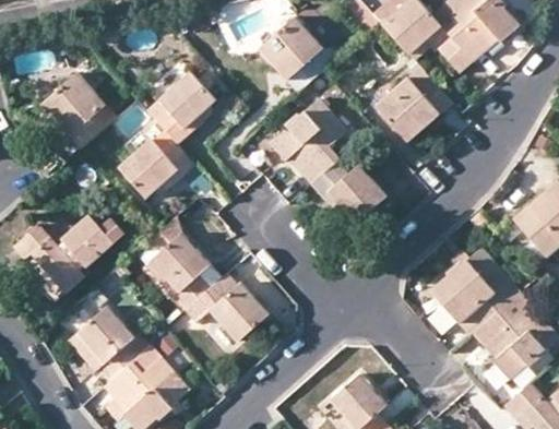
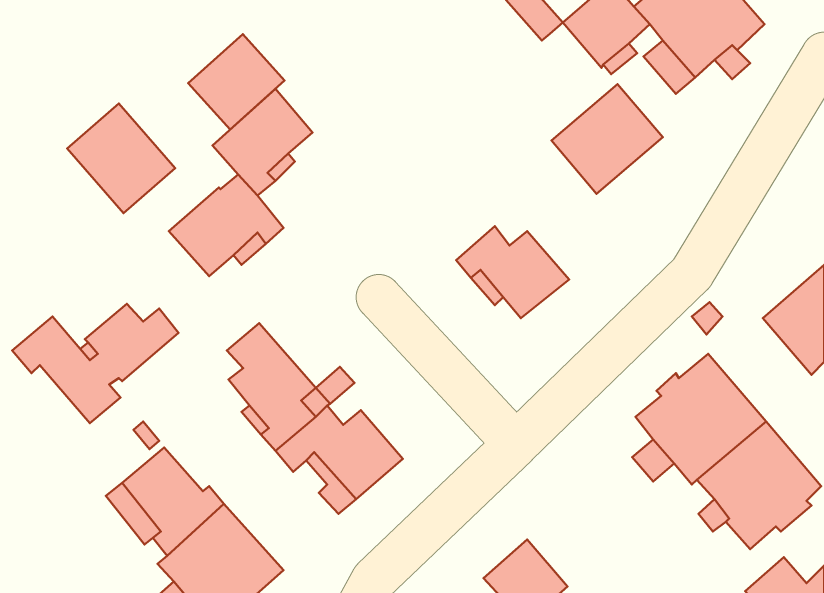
building: [263,21,337,94] -> none
building: none -> [188,34,285,130]
building: [267,98,346,182] -> none

